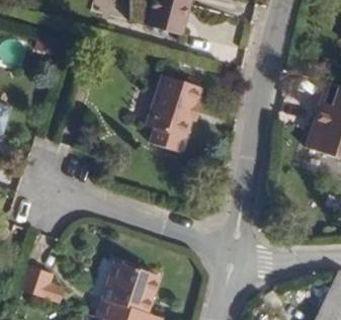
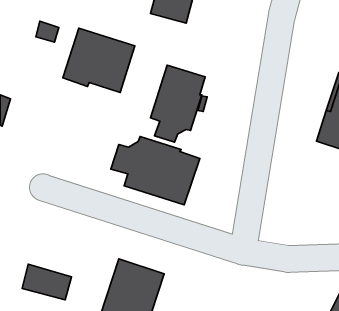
building: none -> [63,28,135,93]
building: none -> [111,137,200,205]

